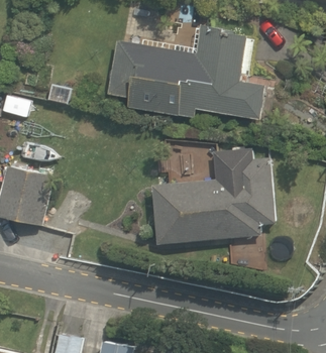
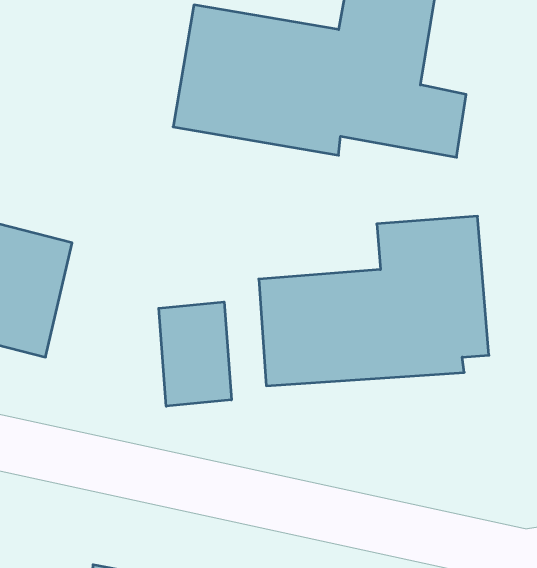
building: none -> [159,302,231,406]

